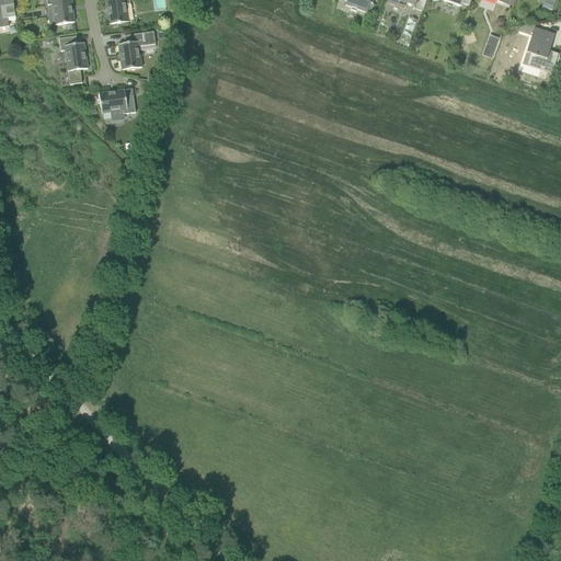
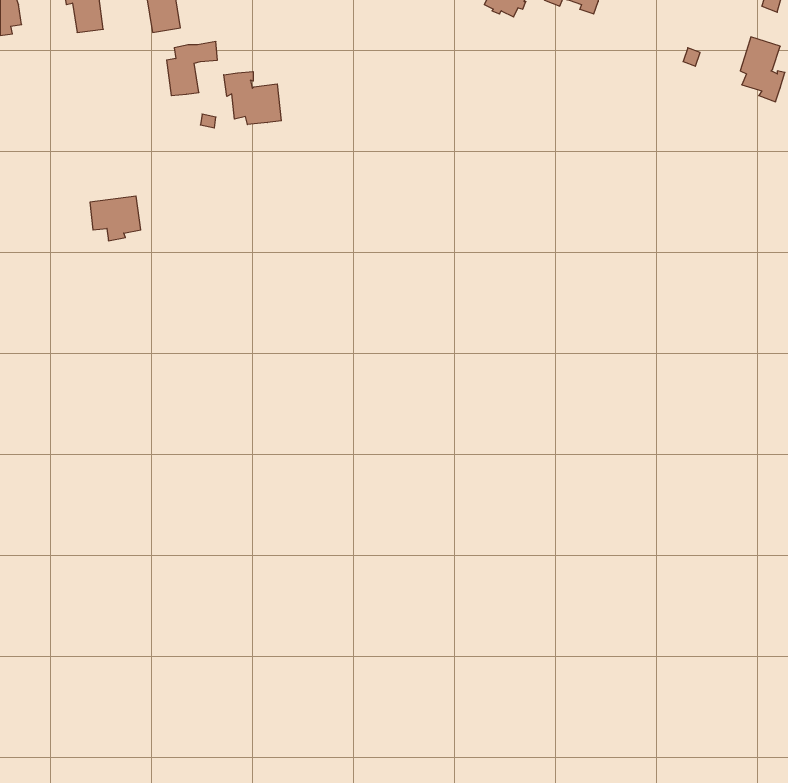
building: [58,34,87,83] -> none
building: none -> [224,72,281,125]
building: [99,87,135,118] -> [90,196,141,241]

